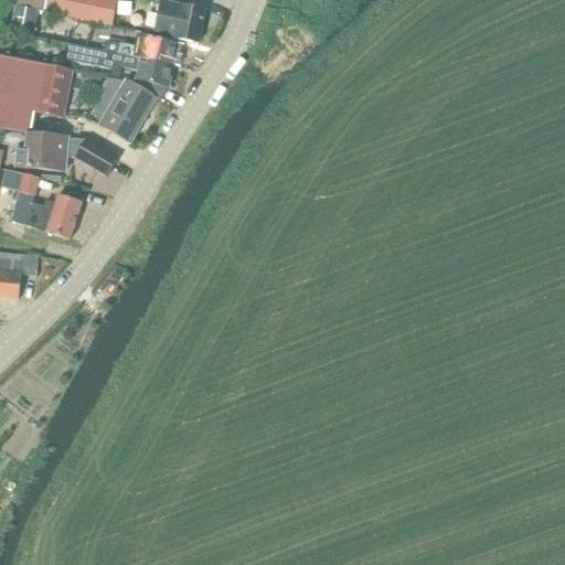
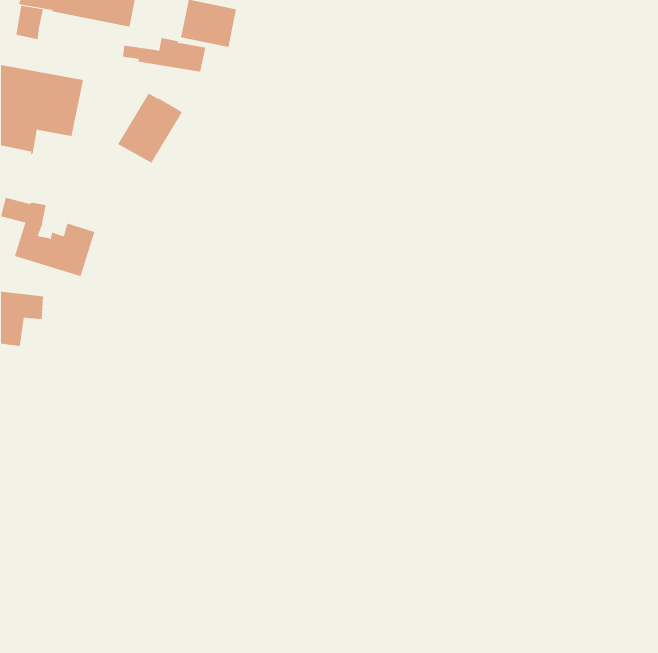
building: [67,42,172,98] -> none
building: [14,131,118,174] -> none

